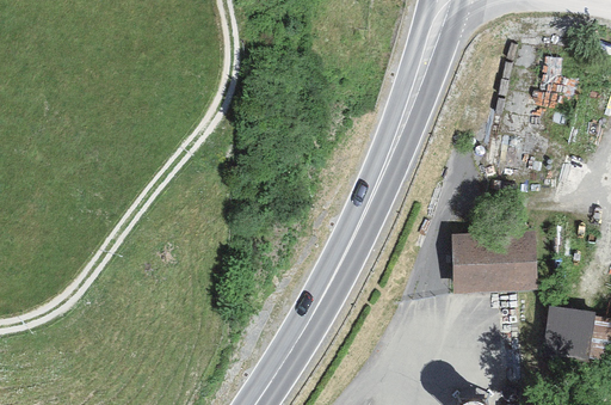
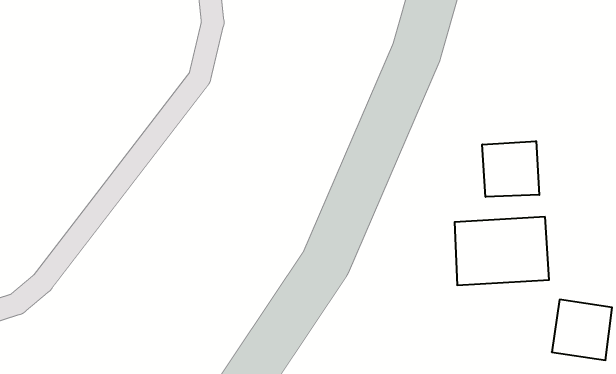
building: none -> [482,141,539,197]

